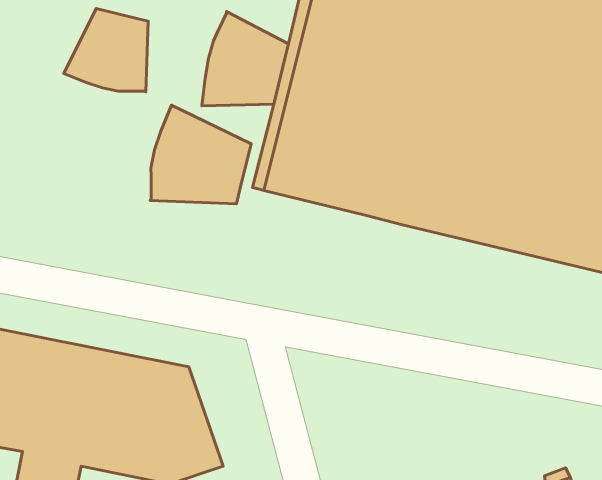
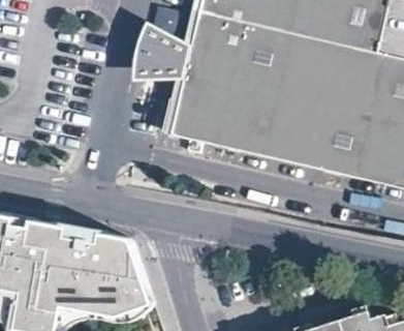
building: [64,9,148,92] -> none
building: [150,105,251,204] -> none

